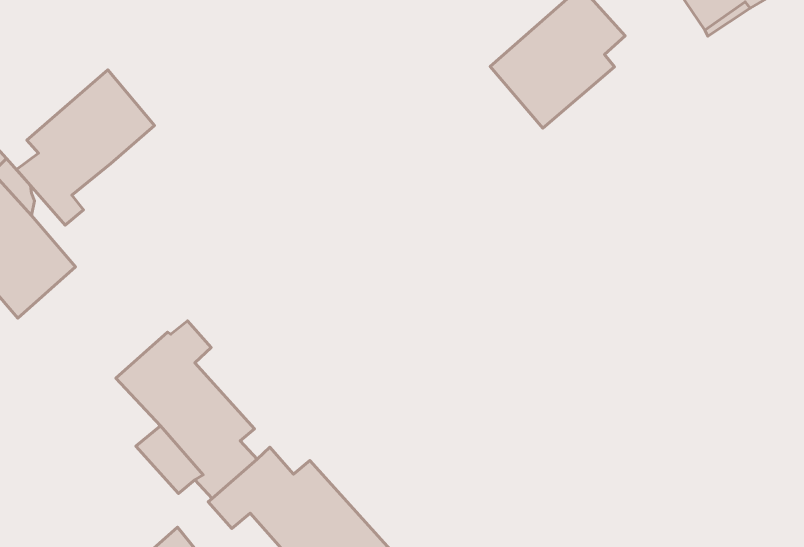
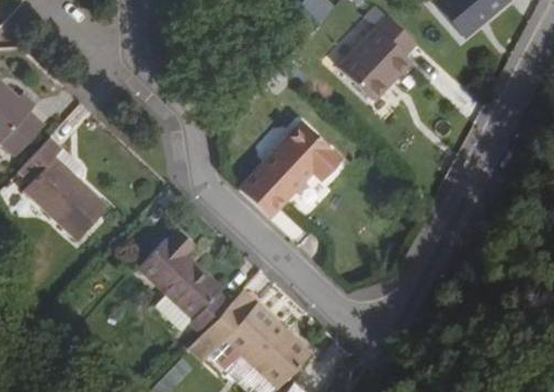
building: [17,70,155,225] -> none
building: none -> [240,123,343,218]

